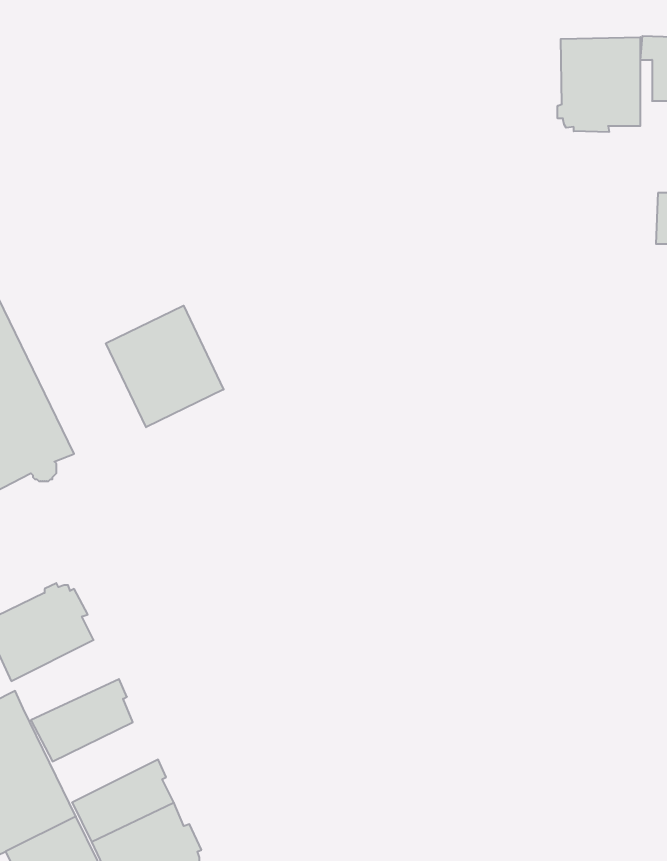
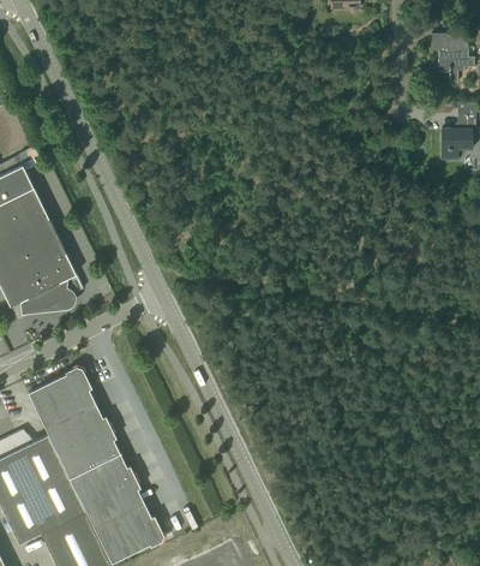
building: [558,37,640,132] -> none
building: [106,306,224,427] -> none
building: none -> [46,405,112,454]
building: none -> [71,455,136,505]

